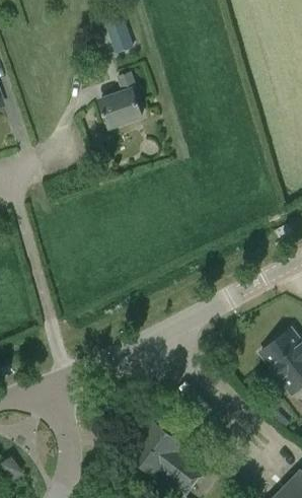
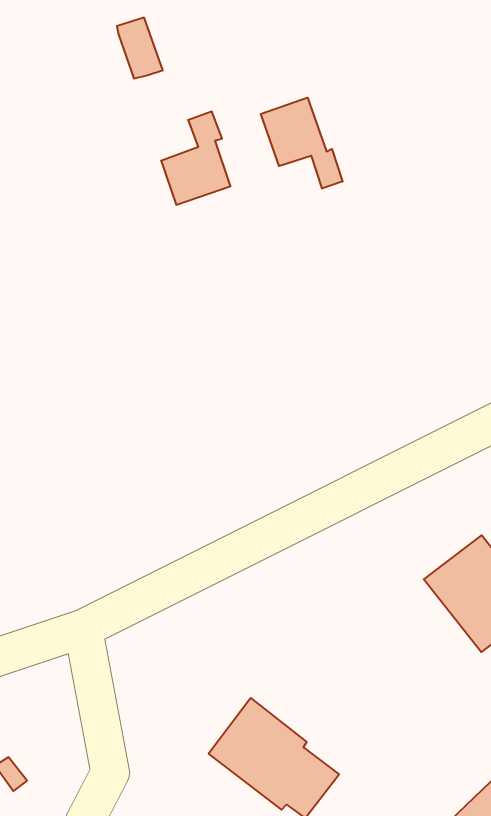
building: [105,17,133,54] -> [117,18,163,79]
building: none -> [261,98,343,188]

